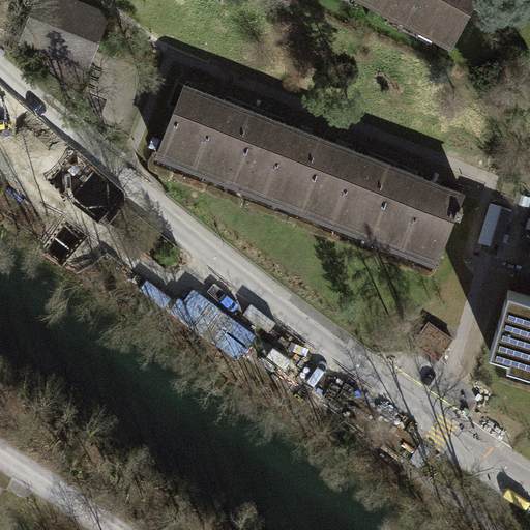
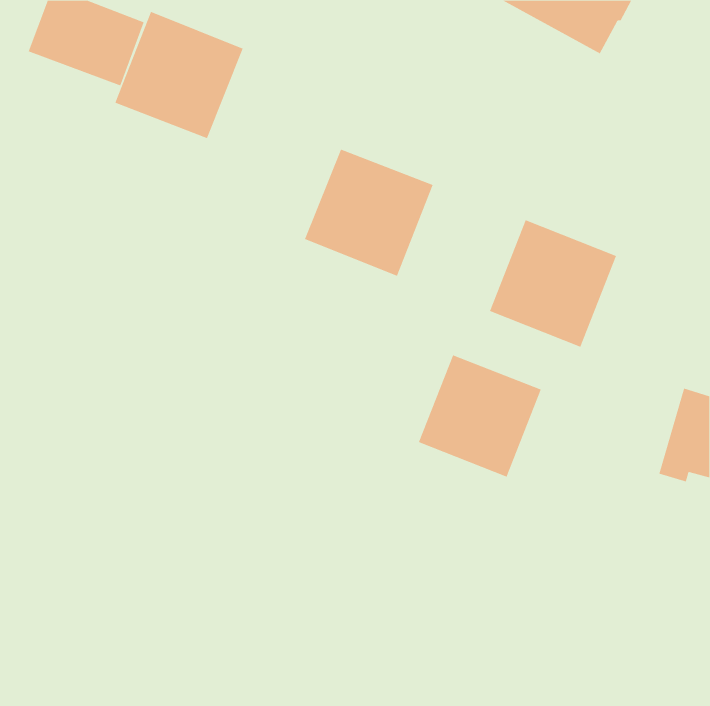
building: [157,86,254,181] -> [114,11,244,139]
building: [296,141,391,235] -> none
building: none -> [418,354,542,478]

